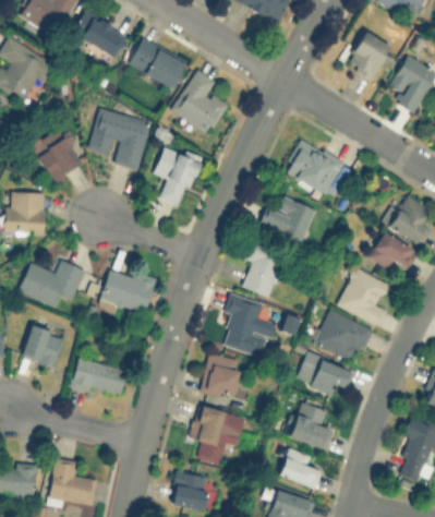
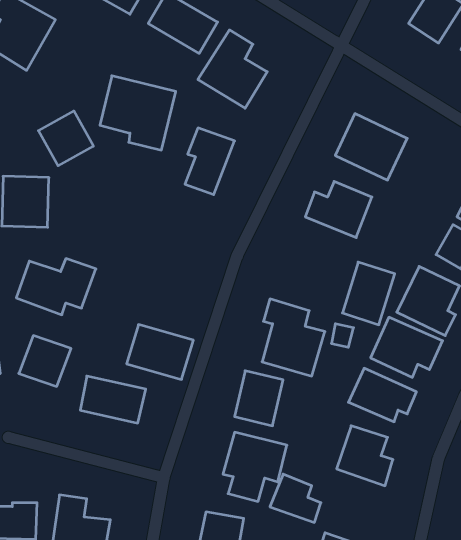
building: [240,245,283,298] -> [342,262,395,325]
building: [100,268,156,314] -> [127,325,193,379]
building: [278,448,321,489] -> [270,474,321,522]

